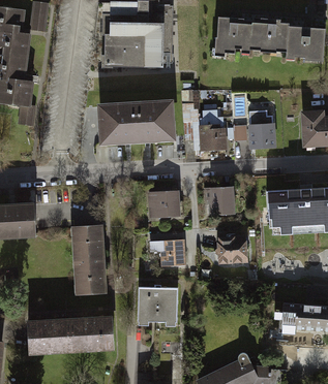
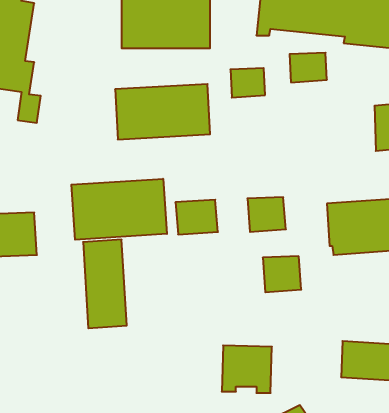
building: [245,130,275,154] -> [290,53,327,82]
building: [200,131,228,155] -> [230,68,265,98]
building: none -> [71,179,167,240]
building: [158,239,186,268] -> none
building: [137,286,177,324] -> [222,345,272,393]
building: [26,313,113,351] -> none

